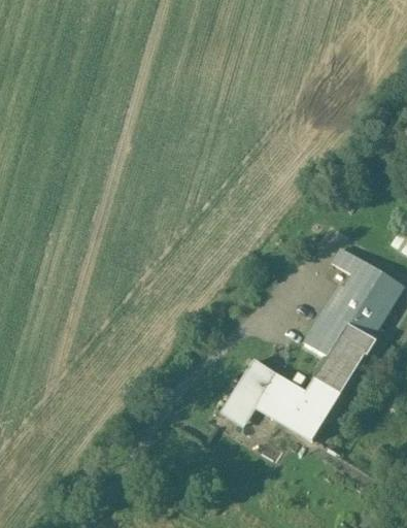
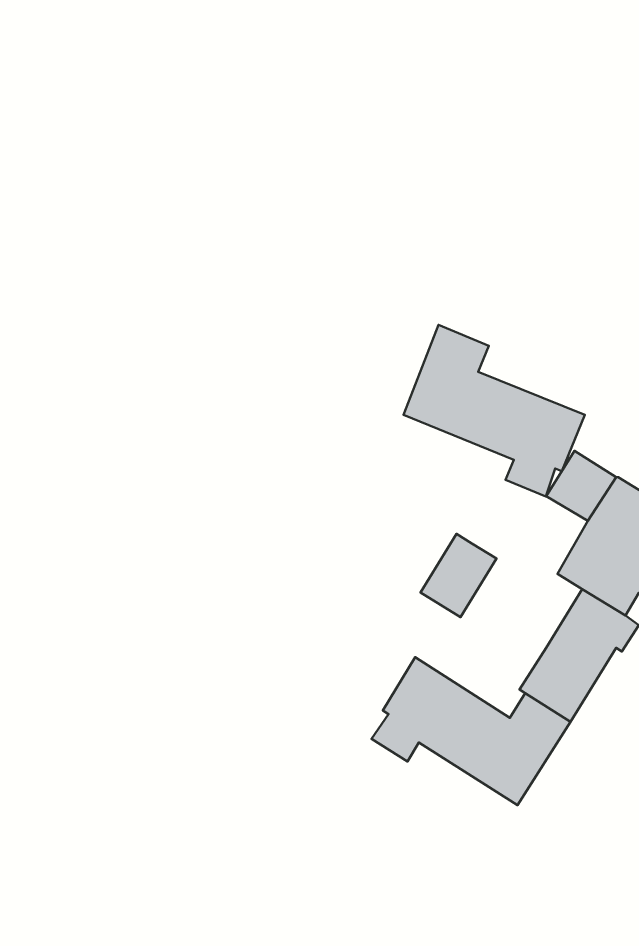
building: none -> [403,325,585,496]
building: [304,309,345,355] -> [421,534,496,617]

